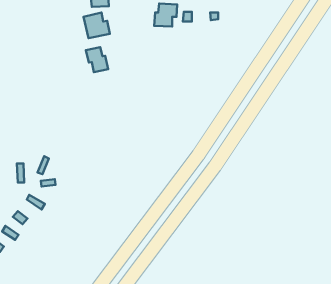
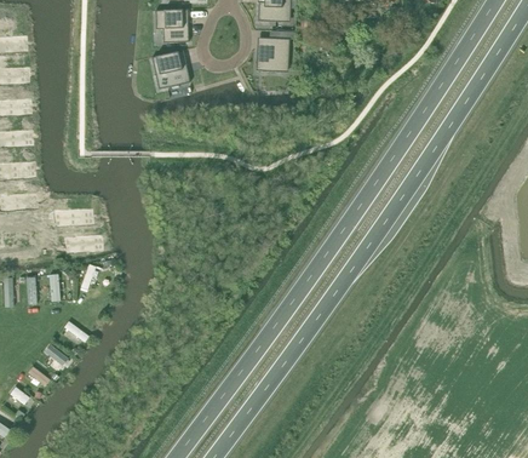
building: [86,47,108,72] -> none

